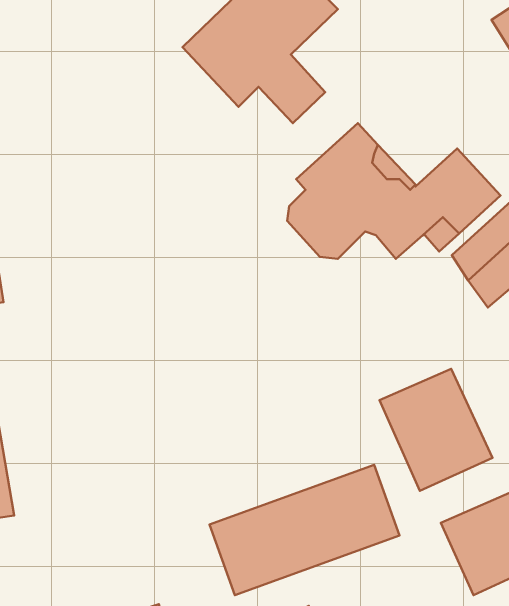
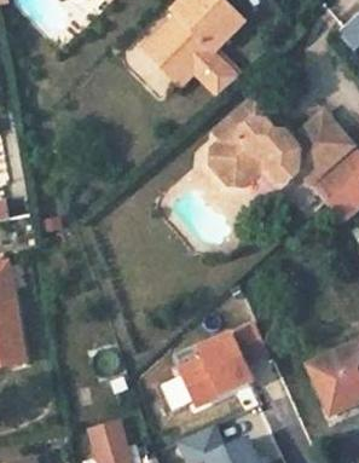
building: [380,369,492,491] -> none

